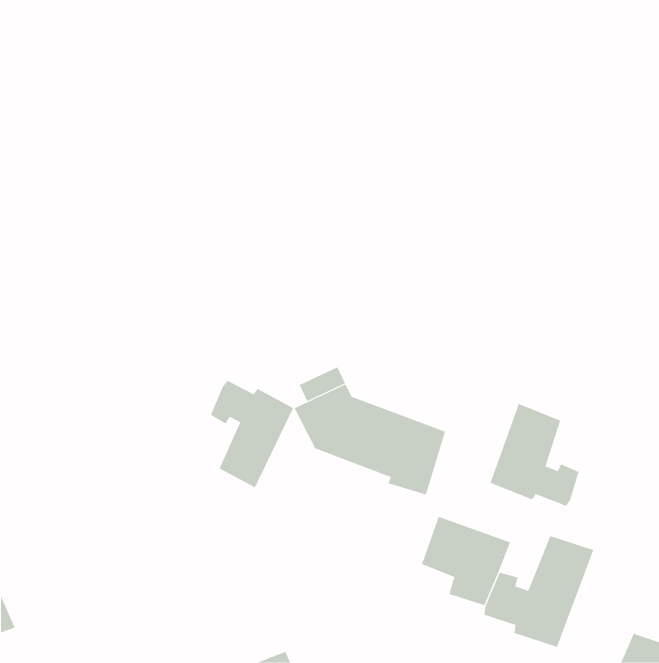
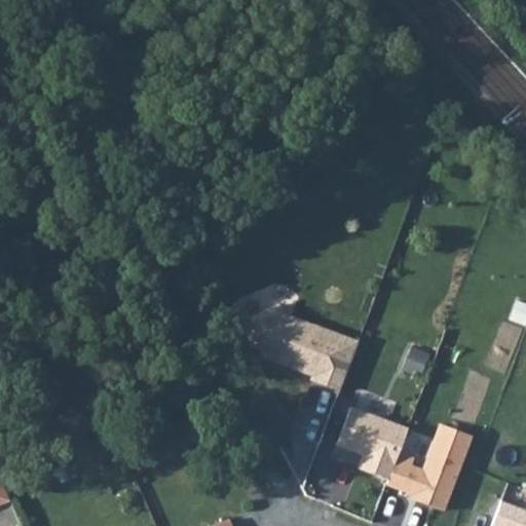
building: [210,380,294,488] -> none
building: [490,403,579,507] -> none

